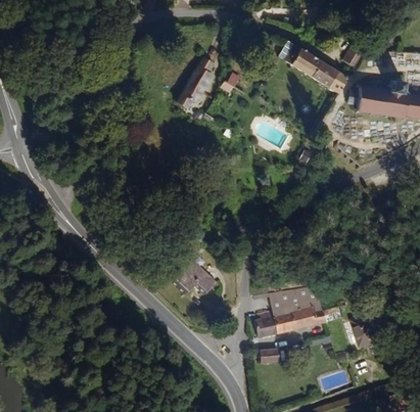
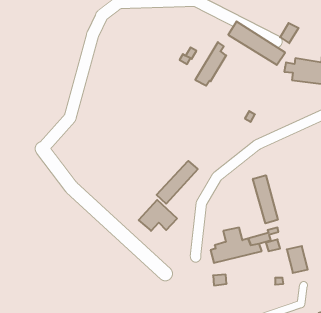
building: [178,57,216,110] -> [195,42,226,86]
building: none -> [157,161,198,204]
building: none -> [253,175,278,223]

